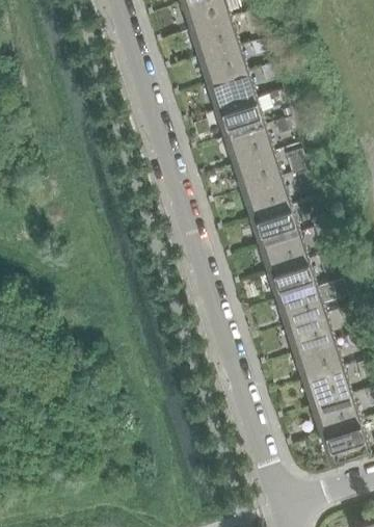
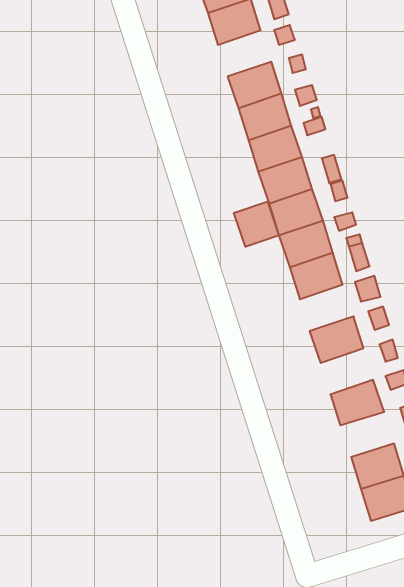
building: [201,45,246,84] -> none
building: none -> [234,202,279,247]
building: [270,261,316,300] -> none
building: [288,315,332,354] -> none
building: [304,369,350,407] -> none

